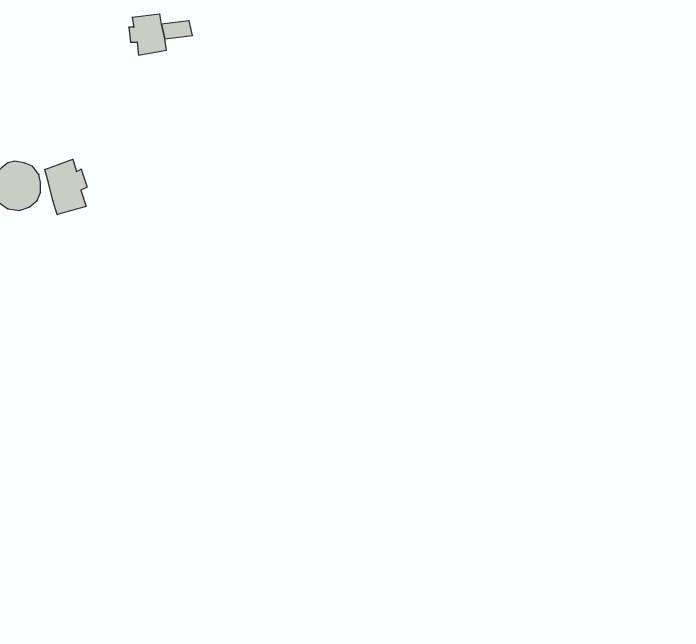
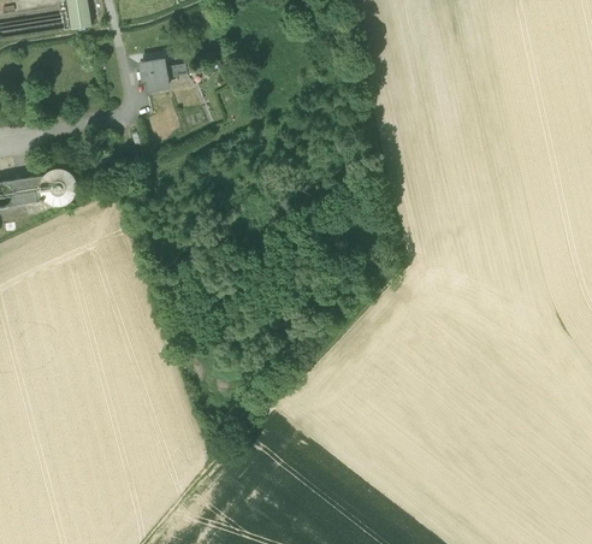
building: [45,159,87,215] -> none

